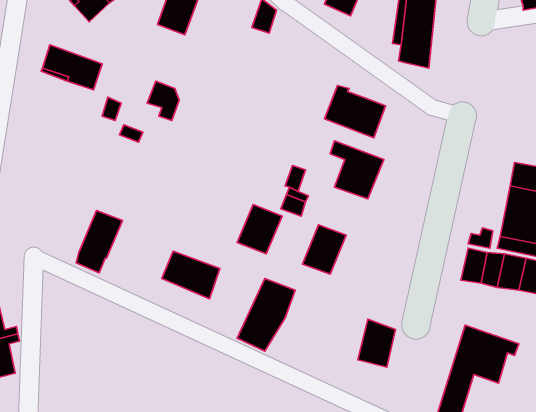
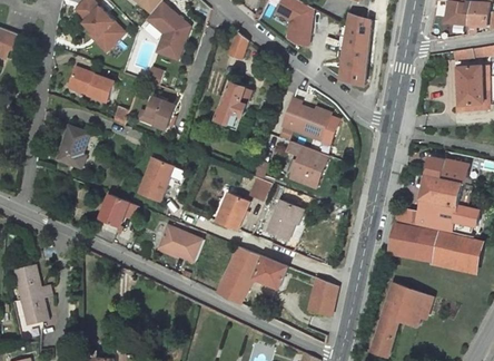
building: none -> [215,82,251,129]
building: none -> [57,126,89,168]
building: none -> [137,158,172,201]
building: none -> [254,256,287,289]

